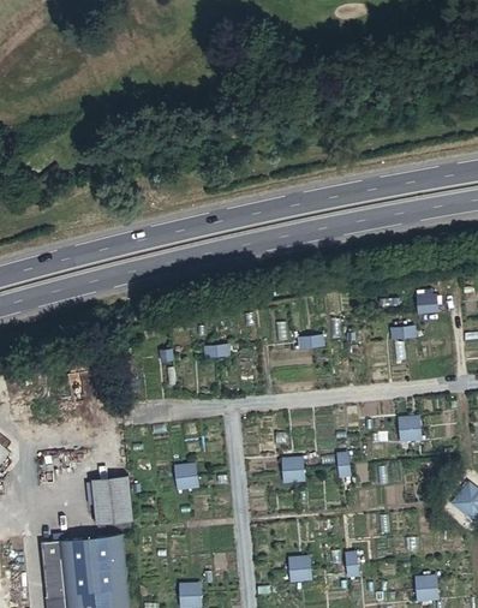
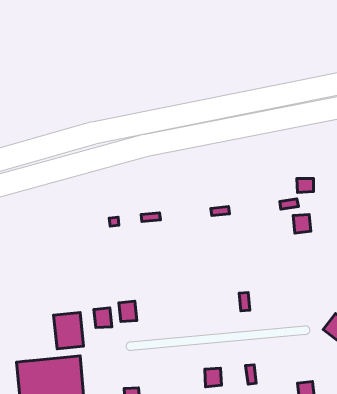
building: [399,415,423,440] -> [293,215,311,233]
building: [282,454,306,482] -> none
building: none -> [94,308,112,328]

